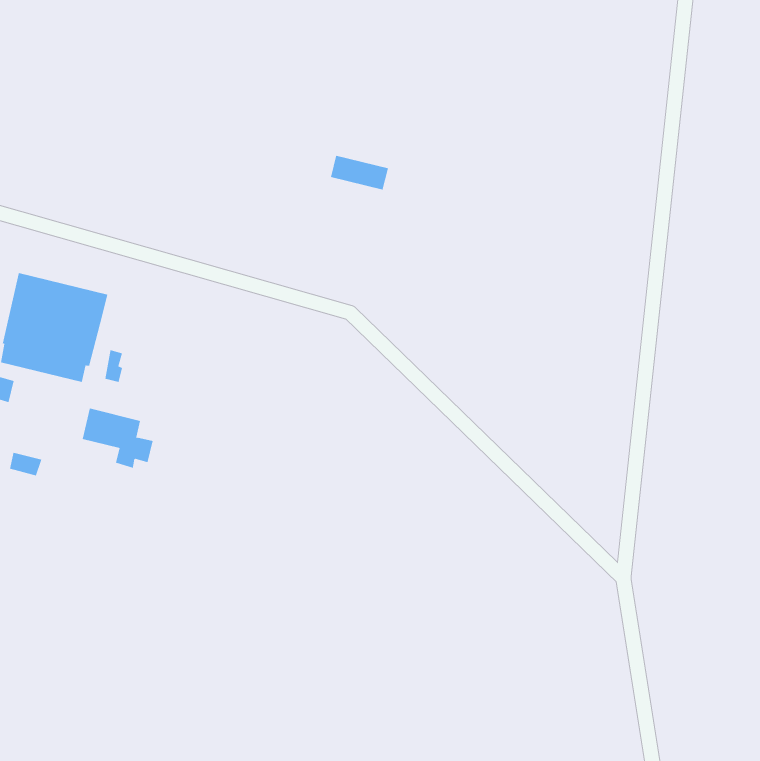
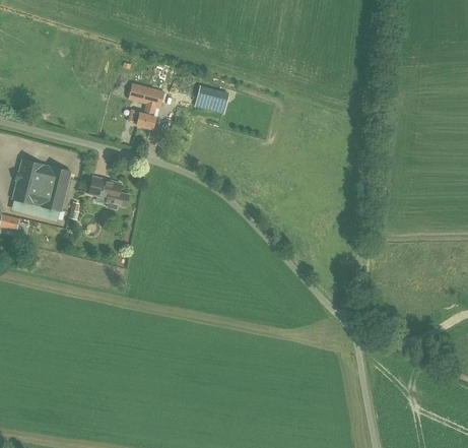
building: none -> [127,82,164,128]
building: [82,408,154,468] -> [88,176,128,209]

